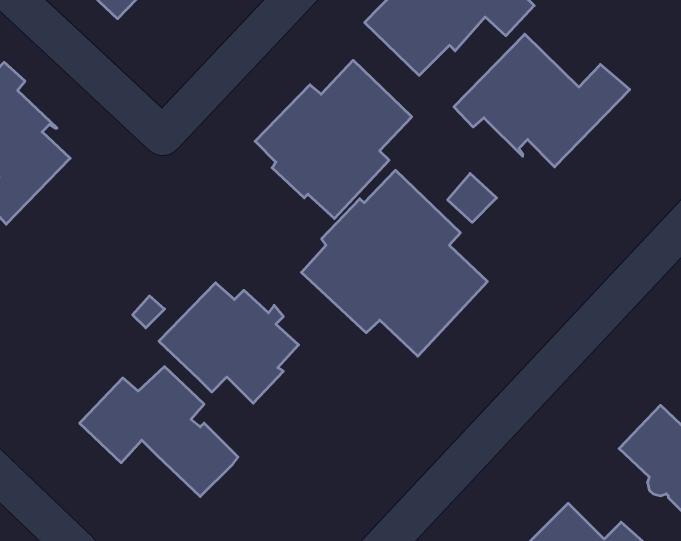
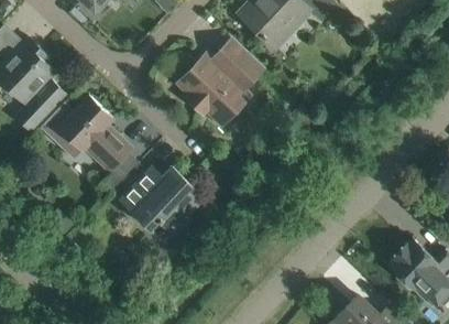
building: [454,34,630,167] -> none
building: [301,170,487,356] -> none
building: [80,367,238,497] -> [39,96,131,172]

